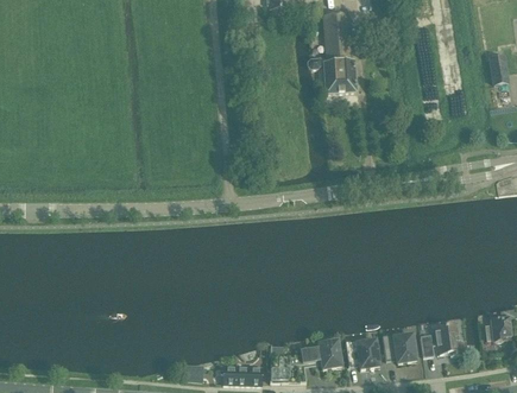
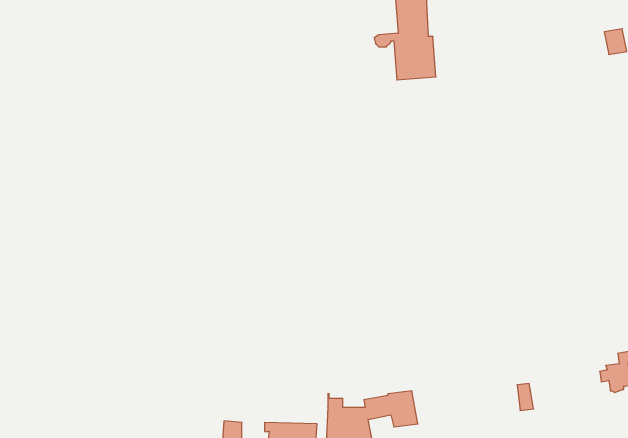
building: [433,322,462,354] -> none
building: [380,334,416,362] -> none
building: [345,340,378,368] -> none

